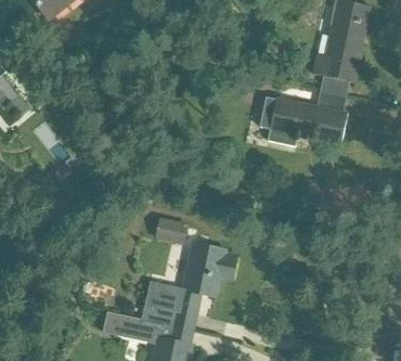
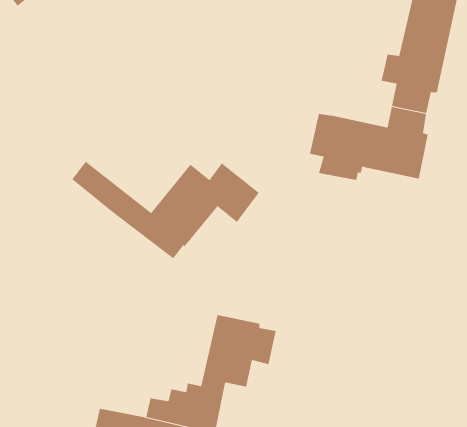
building: none -> [71,161,259,259]
building: [156,217,189,244] -> none

